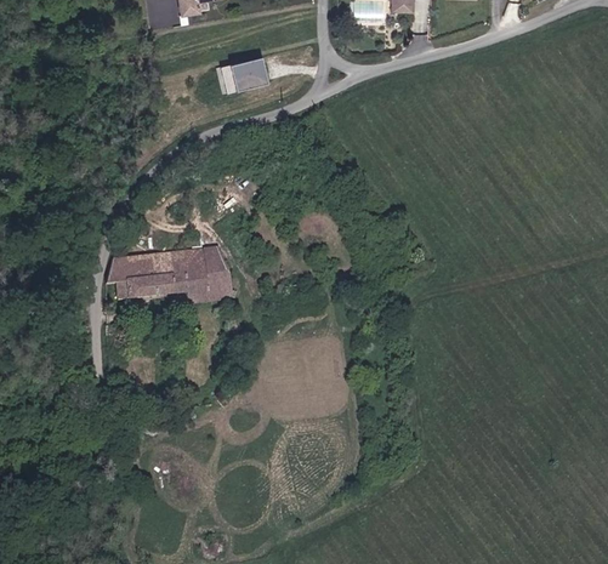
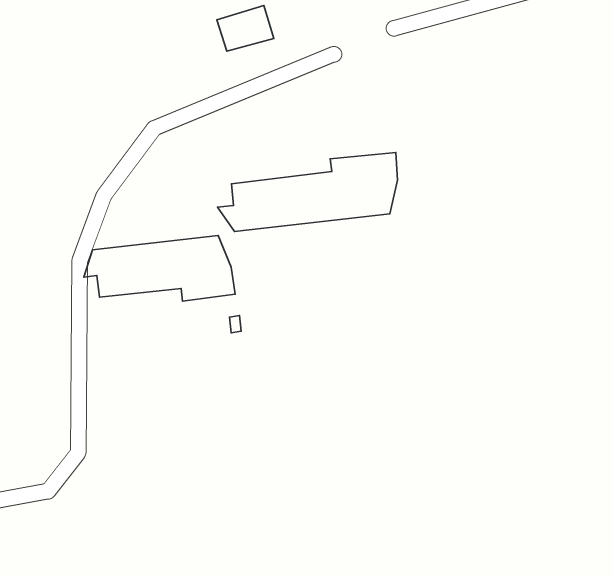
building: none -> [217,152,397,232]

